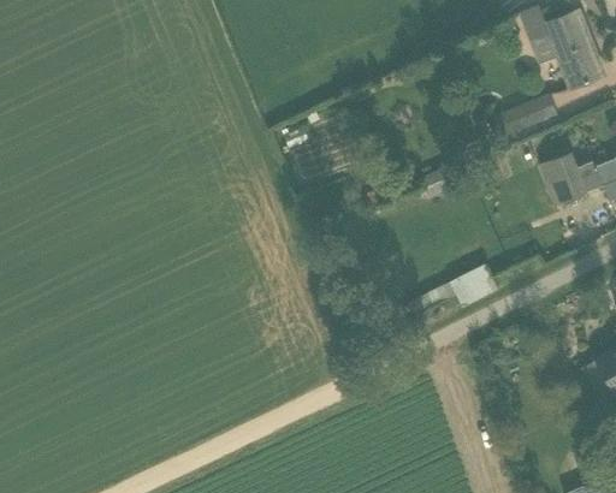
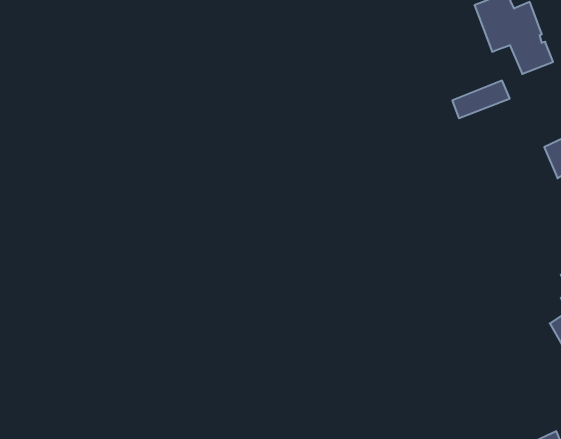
building: [539,152,588,204] -> none

